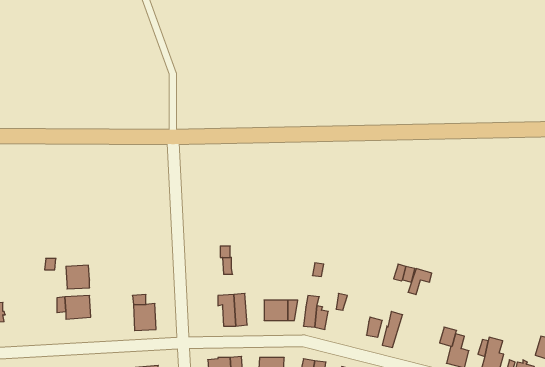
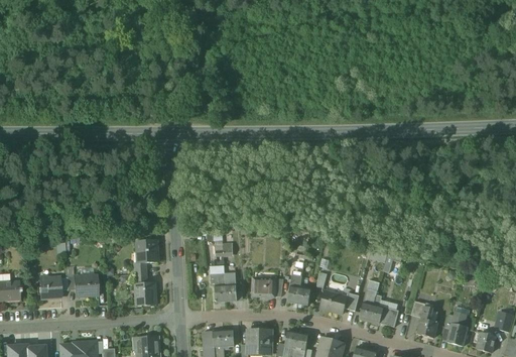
building: none -> [137,239,158,262]
building: [66,265,90,289] -> [40,276,61,298]
building: none -> [320,292,347,315]
building: none -> [368,294,398,328]

